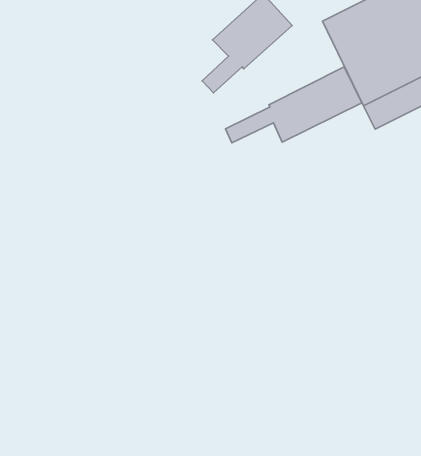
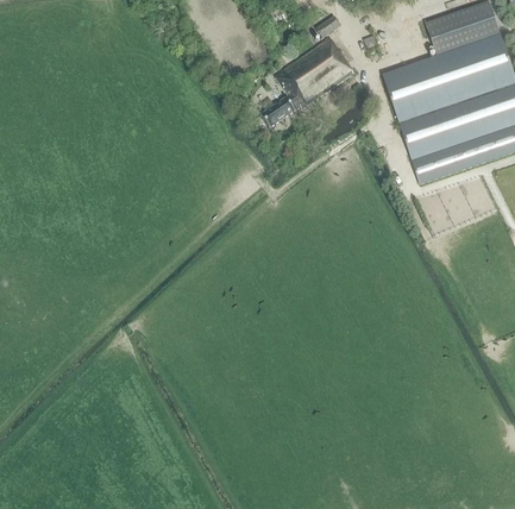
building: [225,67,362,143] -> none

